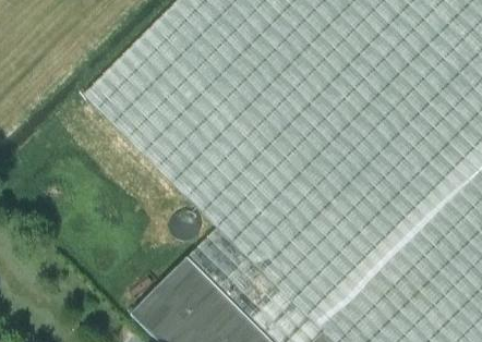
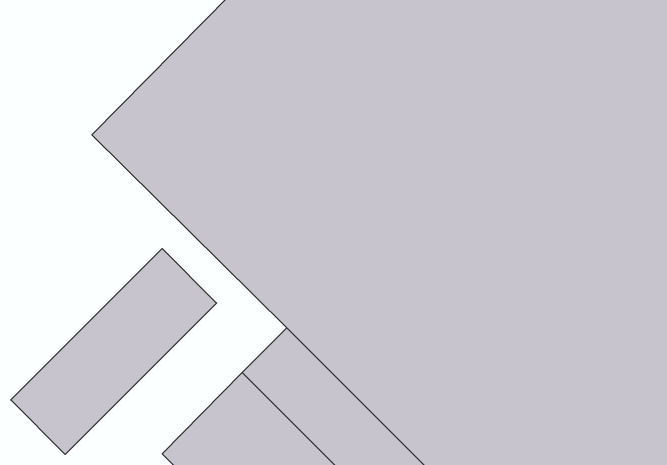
building: none -> [11,249,217,454]

